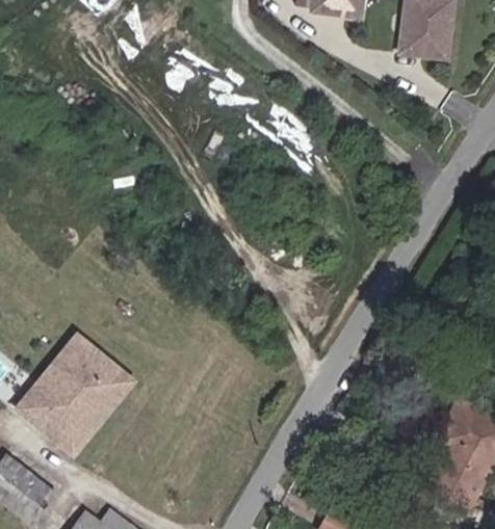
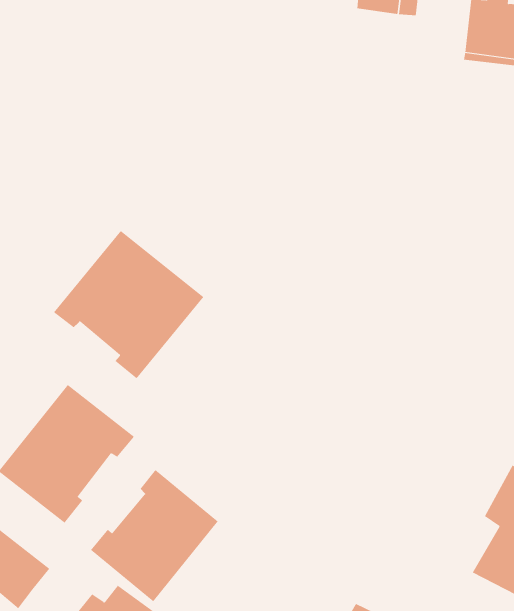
building: none -> [53,230,204,379]
building: none -> [90,469,218,602]

